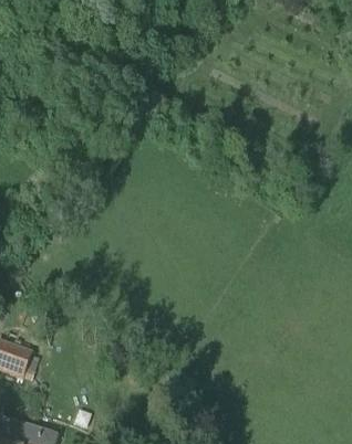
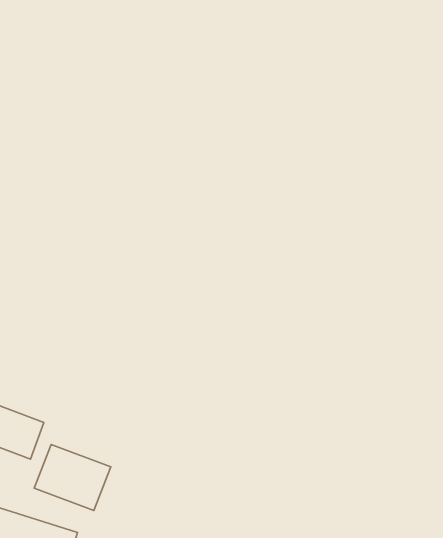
building: none -> [34,445,111,510]

